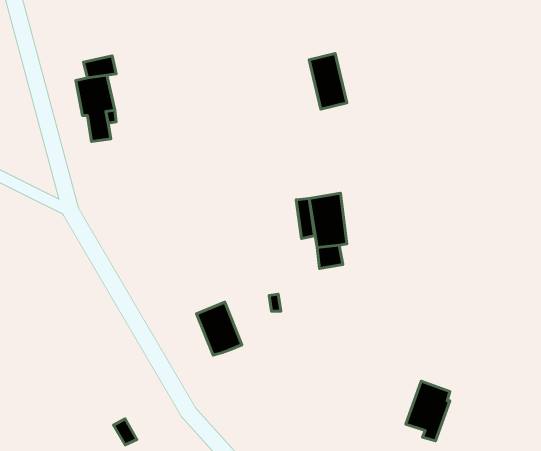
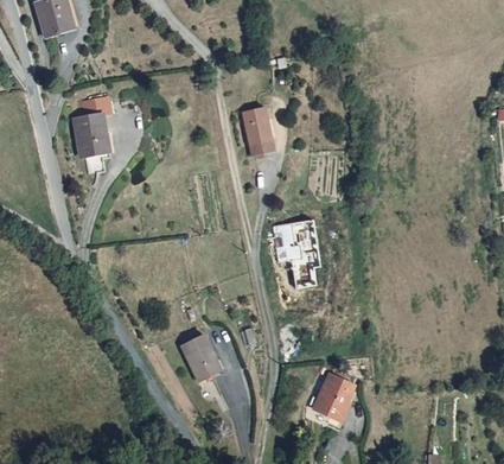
building: [309,53,347,109] -> [243,107,277,158]
building: [406,381,450,441] -> [313,370,353,425]

